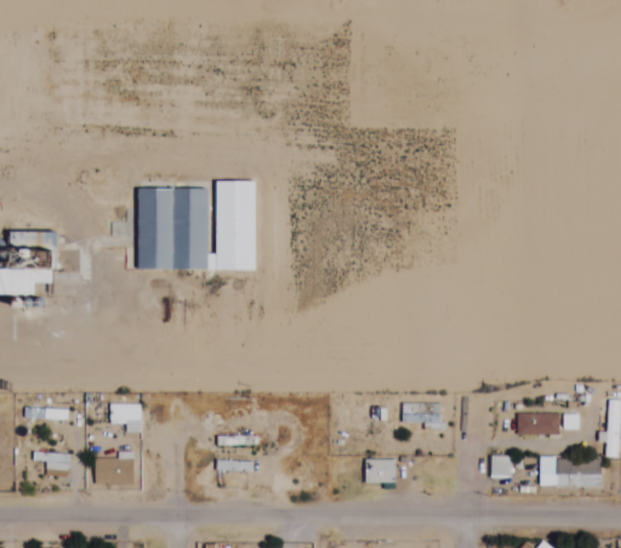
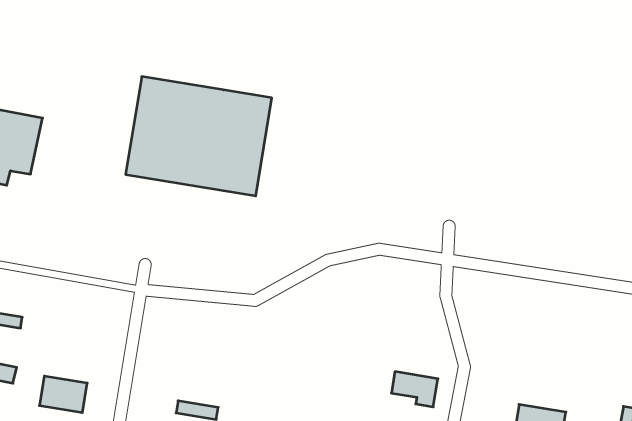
building: [110,404,141,432] -> none

